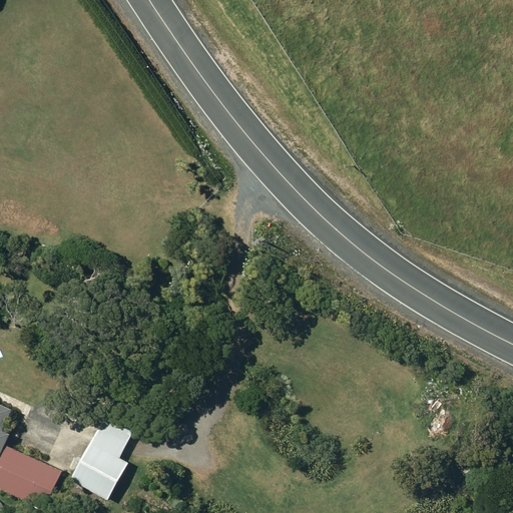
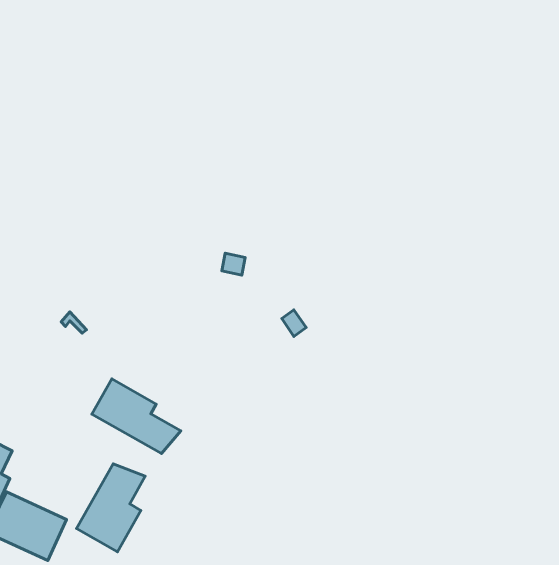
building: none -> [92,379,181,453]

